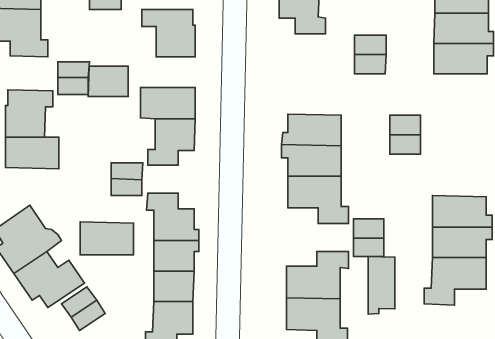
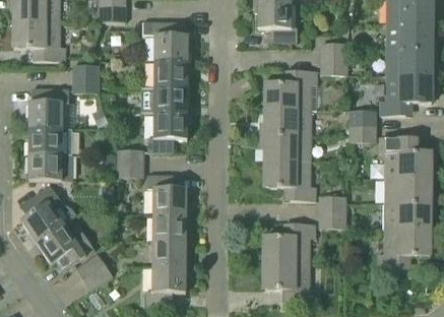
building: [88,66,128,97] -> [153,61,187,86]
building: none -> [264,70,316,110]
building: none -> [379,75,431,115]
building: none -> [379,137,431,178]
building: [80,222,134,255] -> [28,153,73,181]
building: [368,256,395,314] -> none

